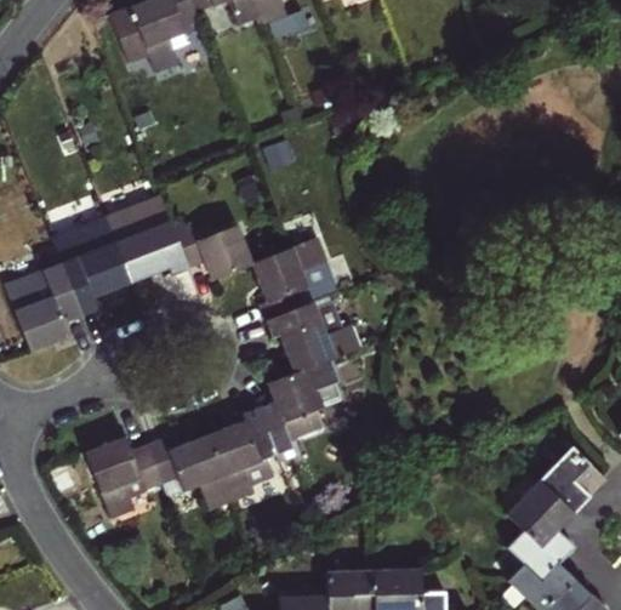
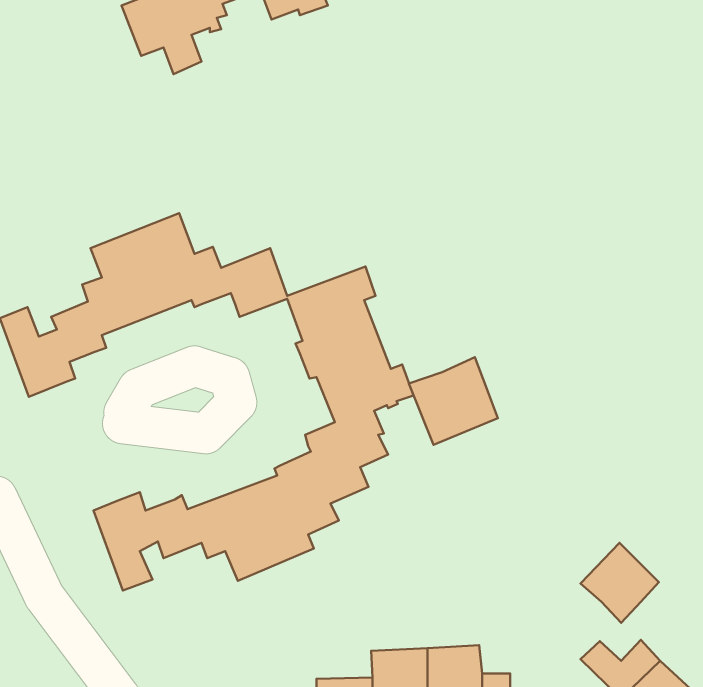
building: none -> [409,357,498,445]
building: [540,445,606,512] -> none
building: [507,529,574,580] -> none

